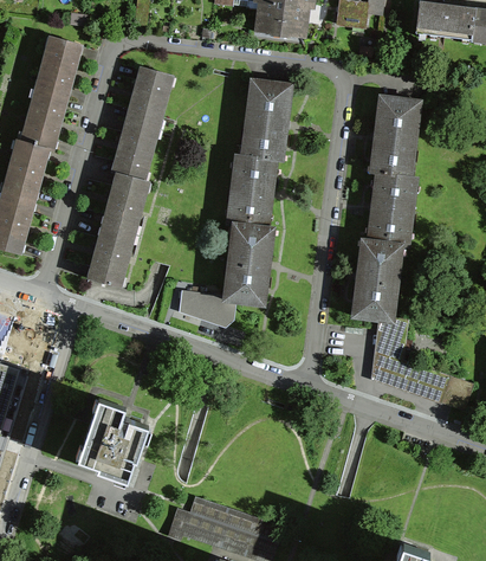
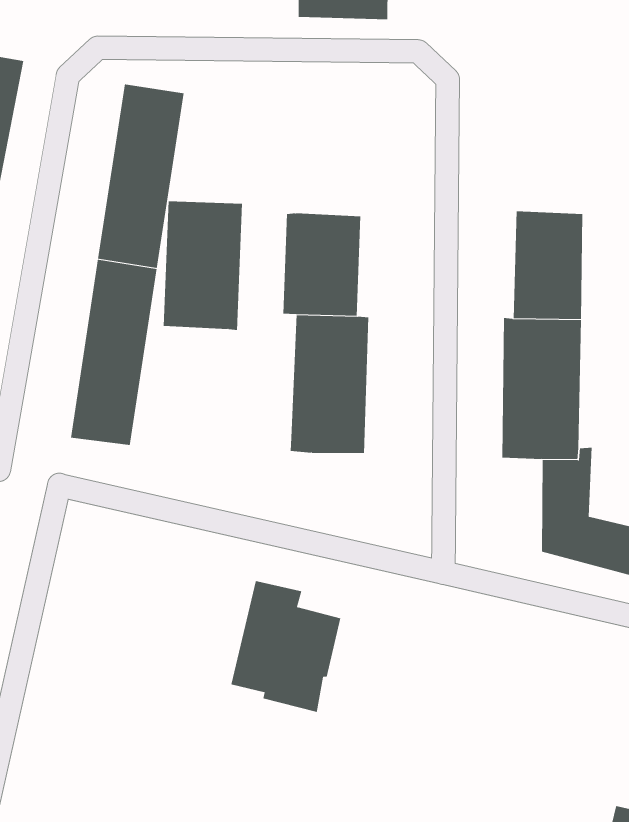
building: [239,78,296,162] -> [163,201,243,330]
building: [368,90,426,173] -> none
building: [176,288,234,325] -> none
building: [74,394,147,479] -> [231,580,341,712]

